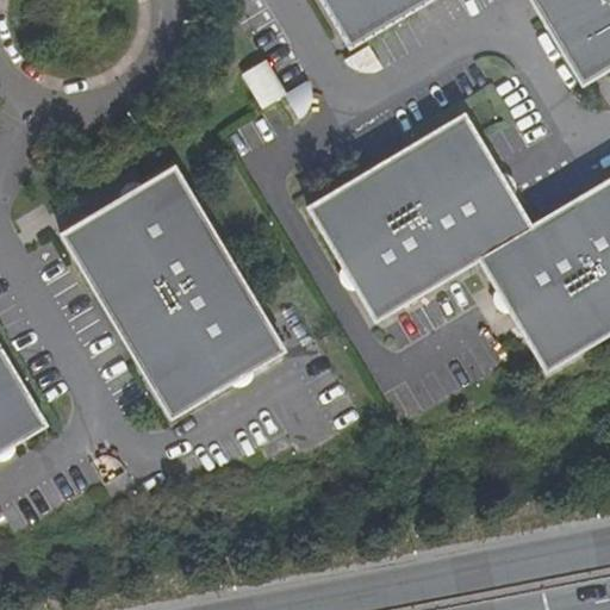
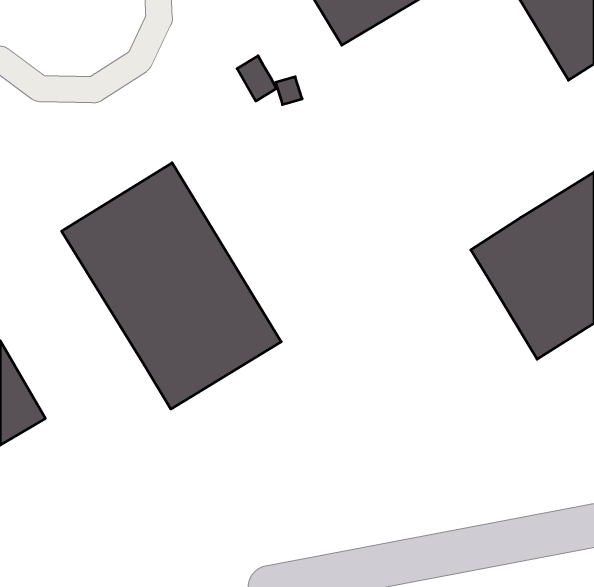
building: [310,112,534,319] -> none

